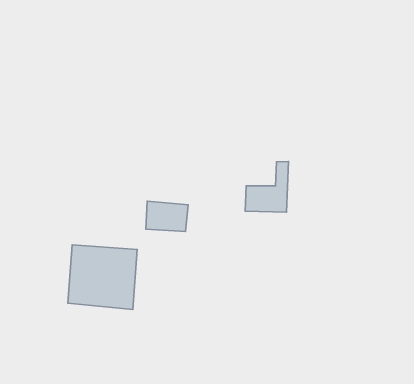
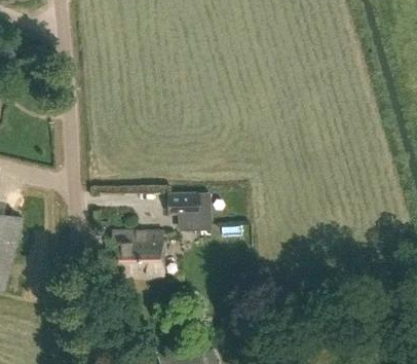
building: [245,162,288,212] -> [182,192,215,233]

